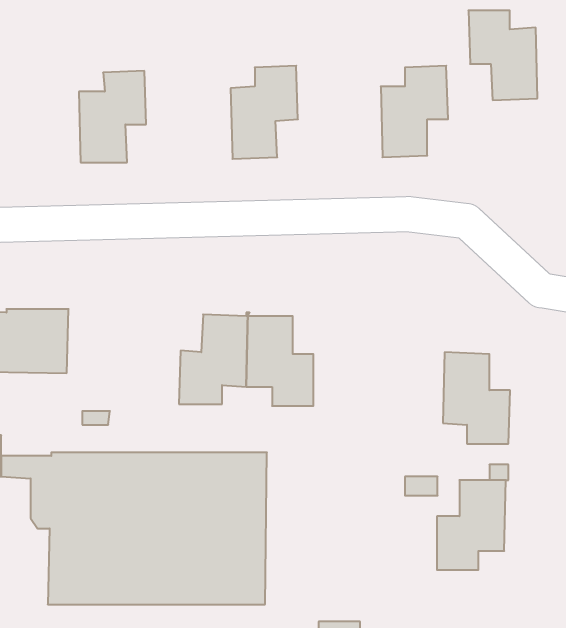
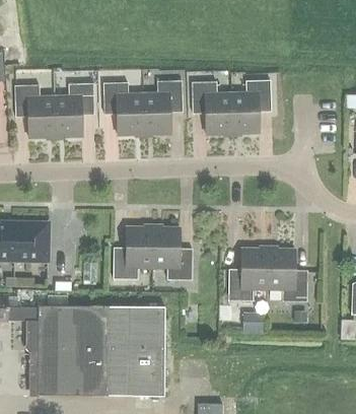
building: [468,10,537,100] -> [192,81,232,134]
building: none -> [102,81,144,135]
building: none -> [14,84,55,137]
building: [437,480,506,570] -> [228,248,269,300]

